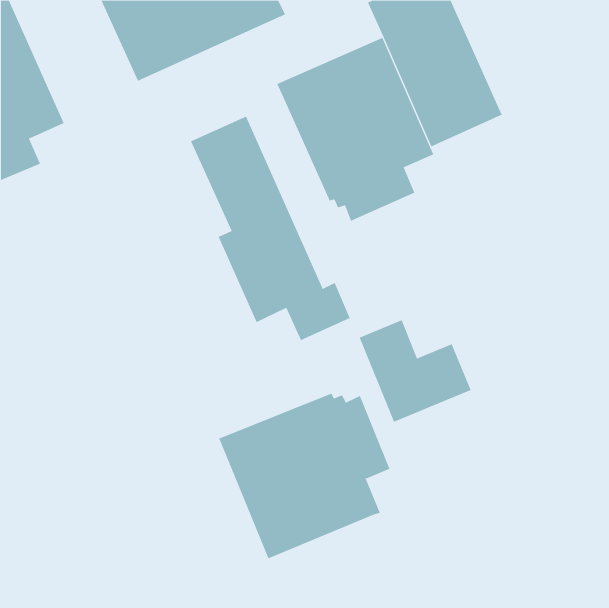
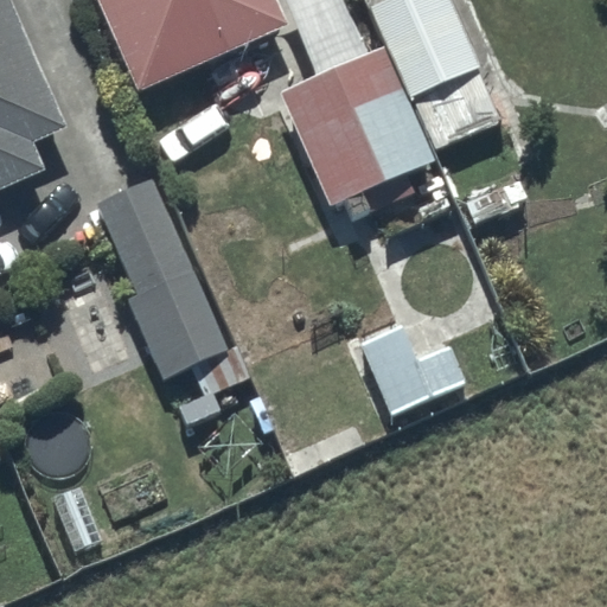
building: [190,116,351,341] -> [95,175,254,398]
building: [218,393,390,559] -> none

